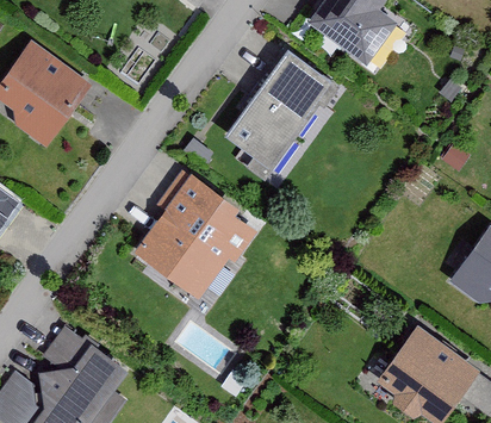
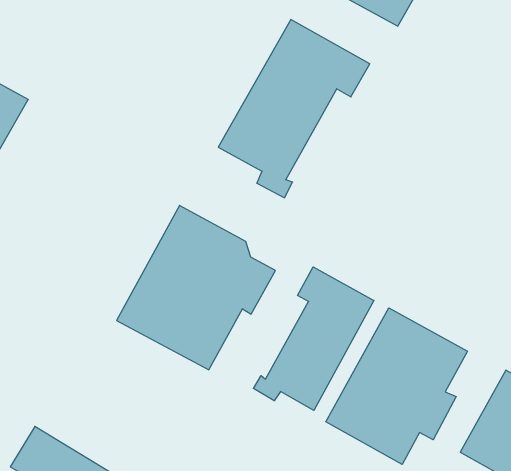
building: none -> [253,267,374,410]
building: none -> [326,308,467,464]

